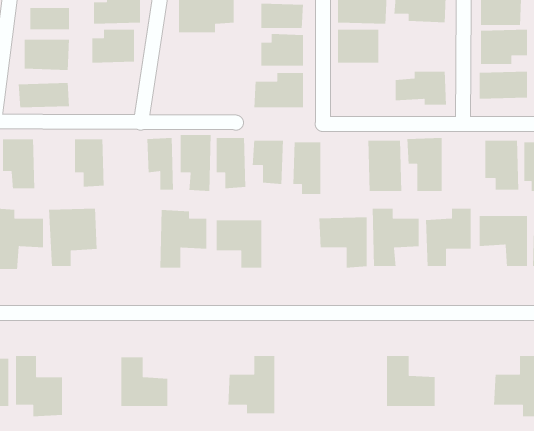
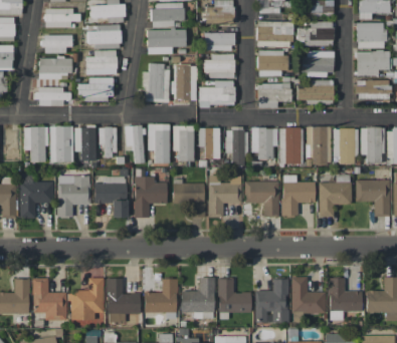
building: none -> [303,50,334,75]
building: none -> [144,63,170,101]
building: none -> [176,65,196,100]
building: none -> [78,77,114,100]
building: none -> [258,83,290,107]
building: none -> [49,125,72,161]
building: none -> [98,126,116,156]
building: none -> [251,127,277,159]
building: none -> [333,128,357,163]
building: none -> [208,175,242,217]
building: none -> [94,176,128,218]
building: none -> [70,277,105,320]
building: none -> [144,278,177,312]
building: none -> [255,278,288,322]
building: none -> [329,278,362,319]
building: none -> [218,279,251,312]

